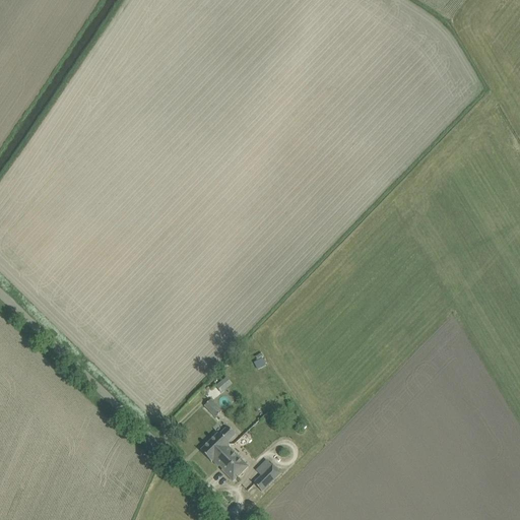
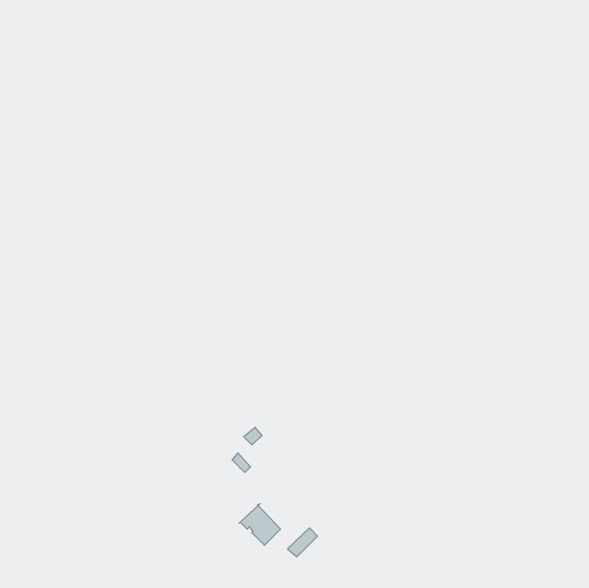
building: [199,425,235,460] -> none

